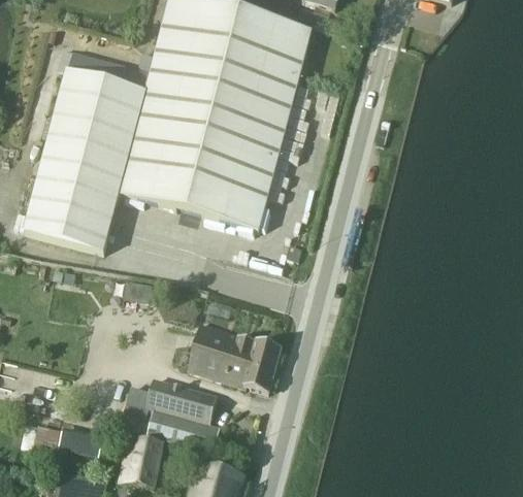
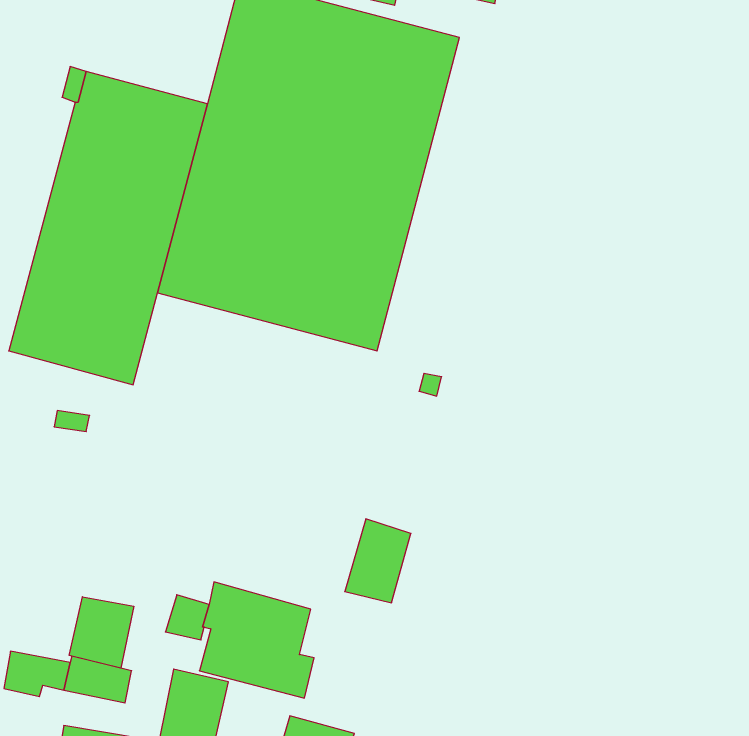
building: [186,322,251,384] -> none
building: none -> [69,597,134,668]

